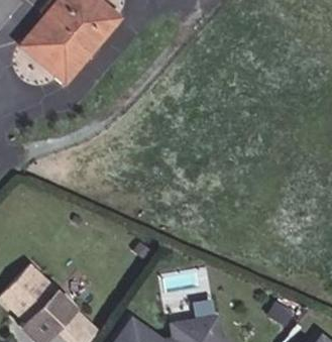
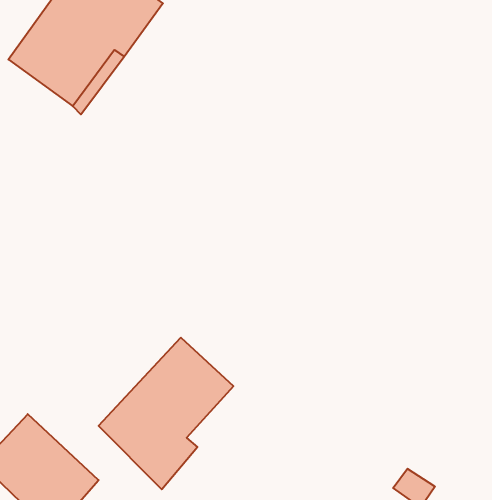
building: none -> [99,338,233,489]

